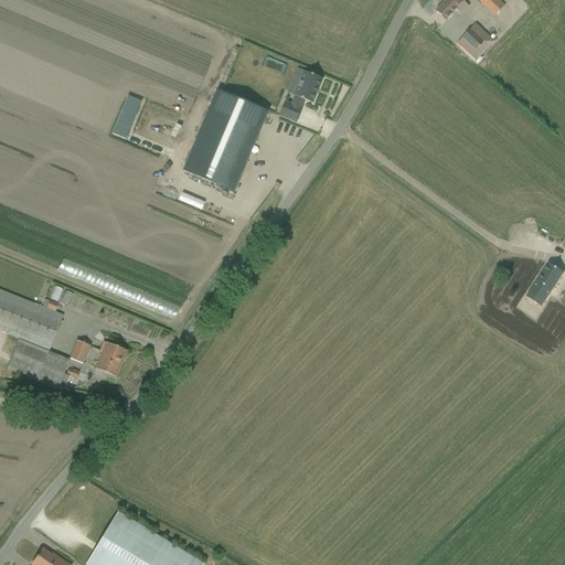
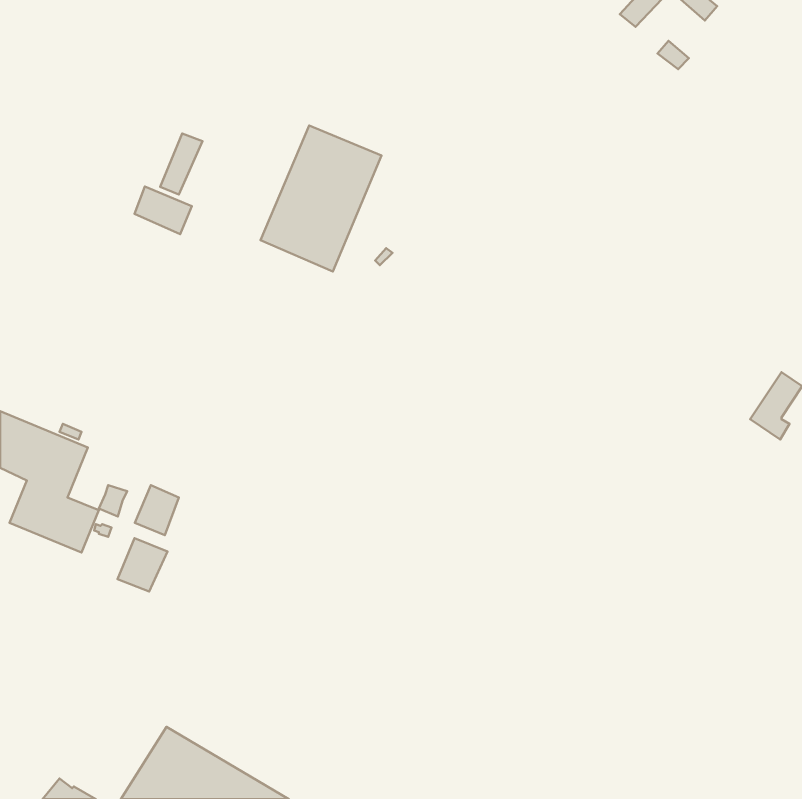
building: [279,70,323,121] -> none
building: none -> [134,187,192,234]
building: none -> [117,538,167,592]

